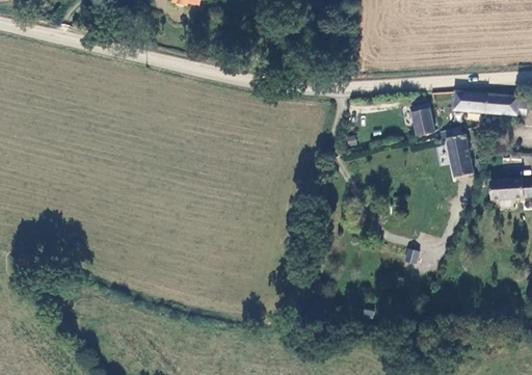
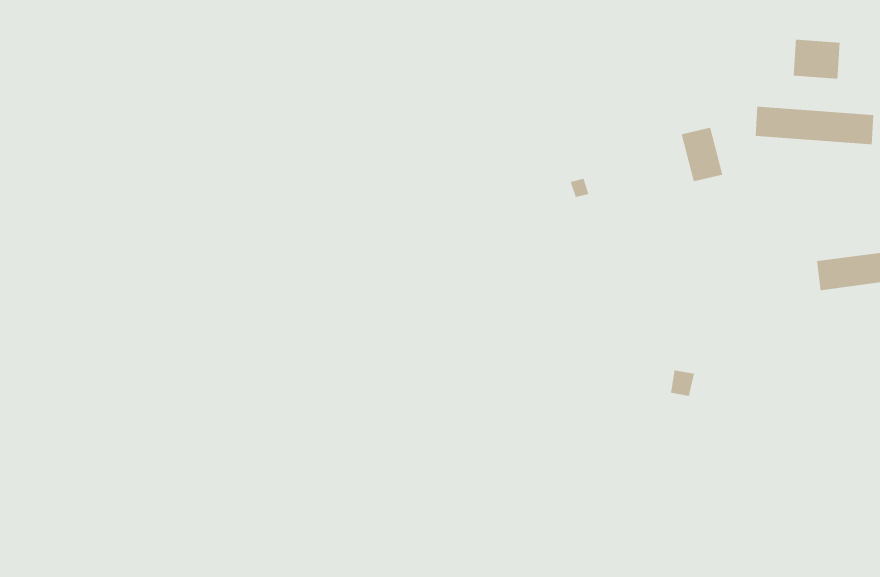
building: none -> [793,39,840,79]
building: [446,130,472,178] -> none

